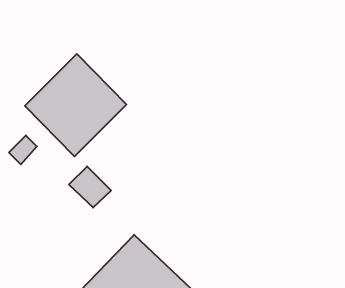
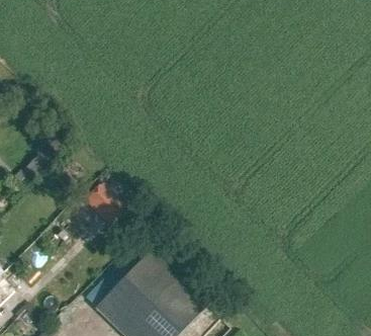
building: [25,54,126,156] -> none

